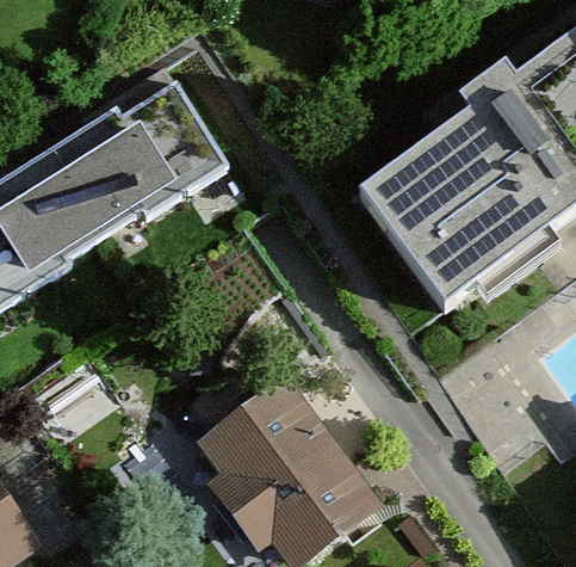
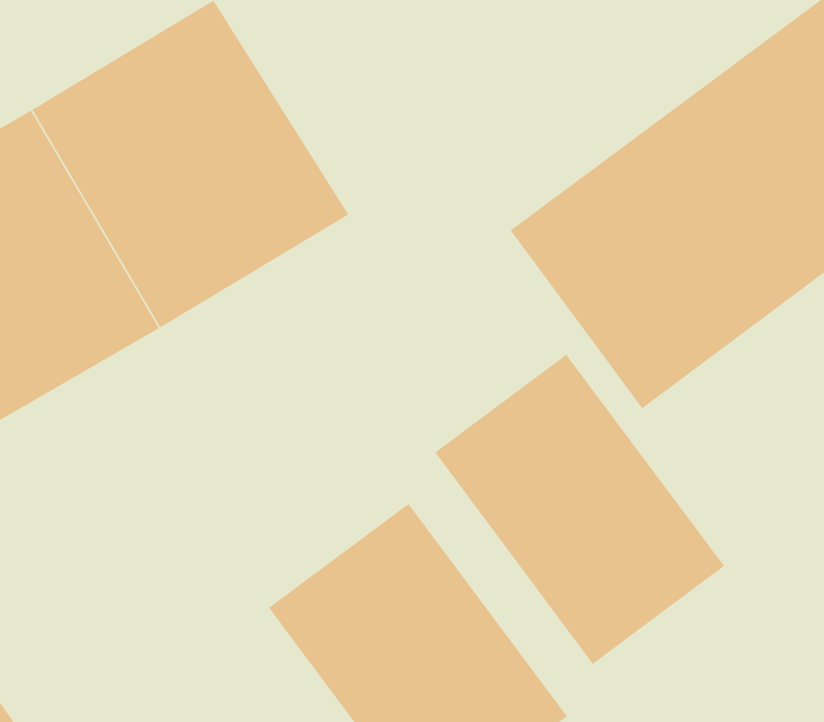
building: none -> [434,354,725,665]

